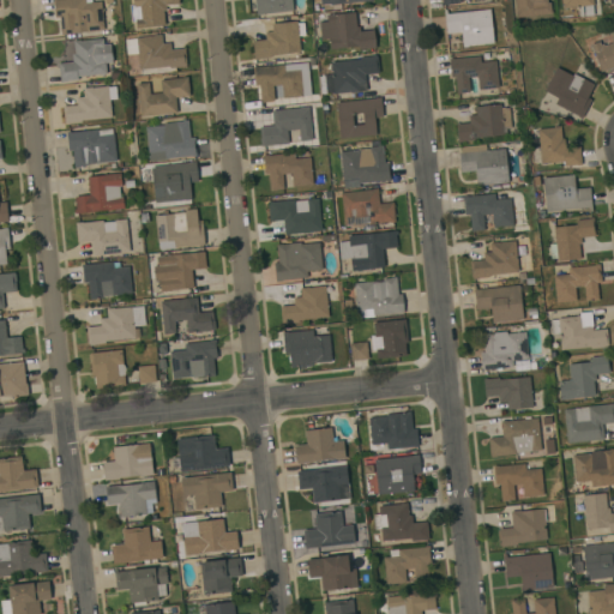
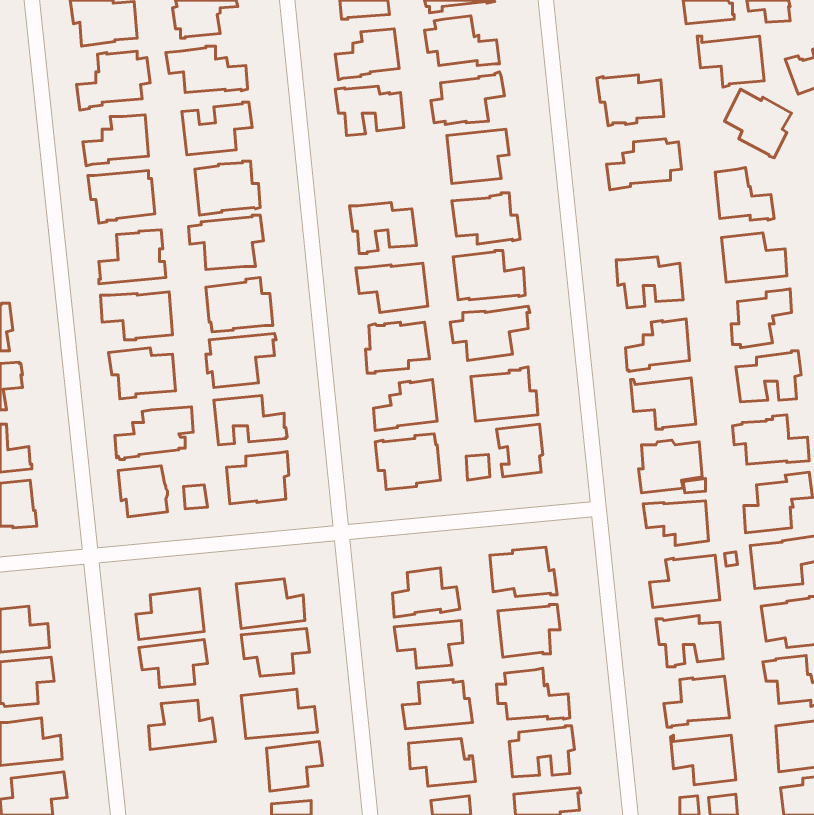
building: [445,10,495,48] -> [697,36,764,87]
building: [260,107,313,146] -> none
building: [459,144,510,186] -> none
building: [115,566,168,607] -> none

